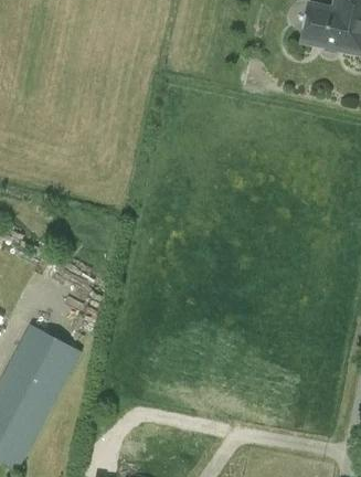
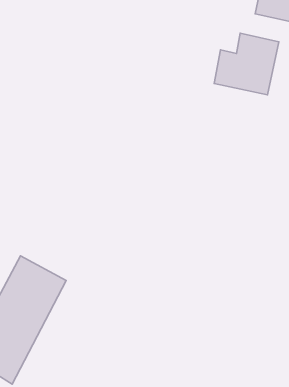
building: none -> [214,33,279,95]

